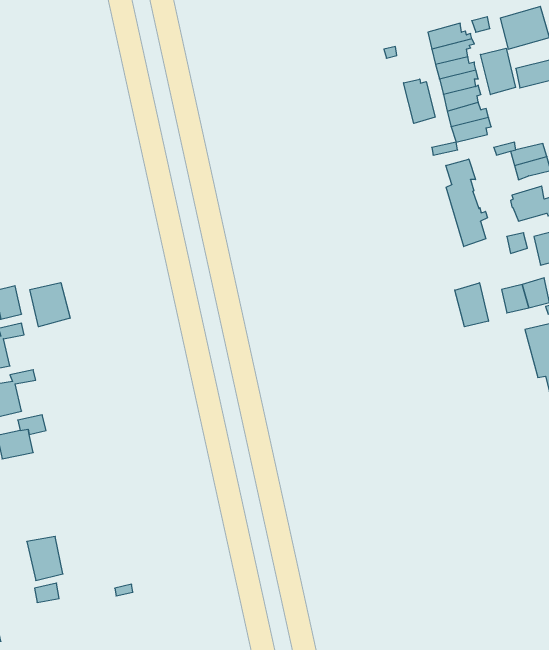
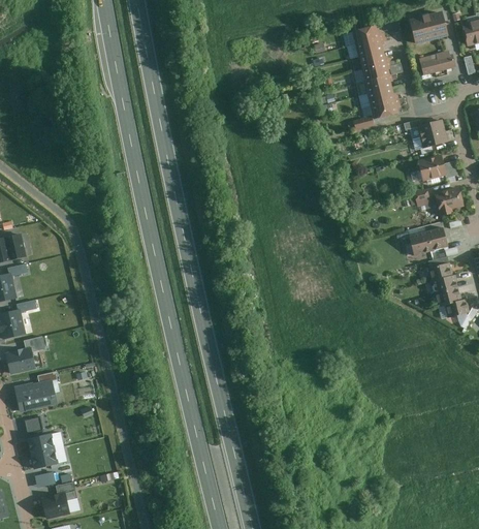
building: [480,48,516,95] -> none
building: [404,79,435,123] -> none
building: [446,159,487,247] -> none
building: [30,283,70,327] -> none
building: [455,283,488,327] -> none
building: none -> [19,379,55,409]
building: none -> [44,481,75,517]

